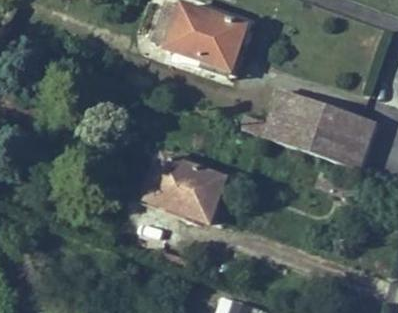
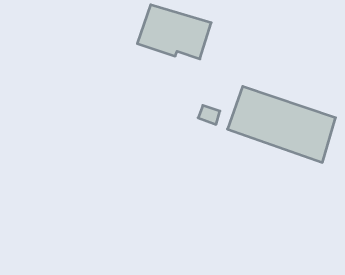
building: [141,156,216,222] -> none

